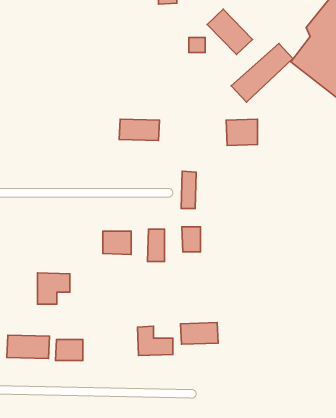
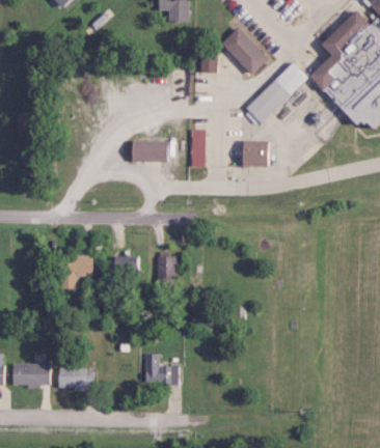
building: [181,171,196,209] -> [192,129,208,167]
building: [182,227,200,252] -> none
building: [38,273,70,304] -> [59,256,92,288]
building: [181,323,218,344] -> none

